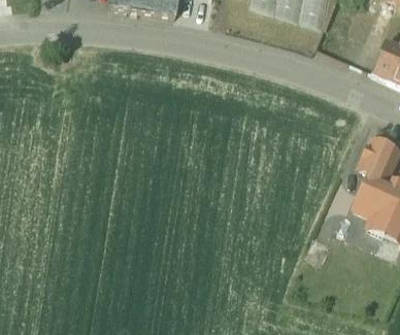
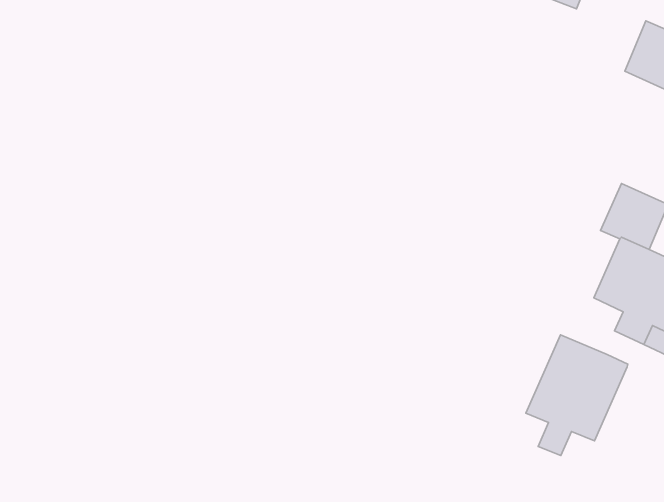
building: none -> [526,335,628,456]

